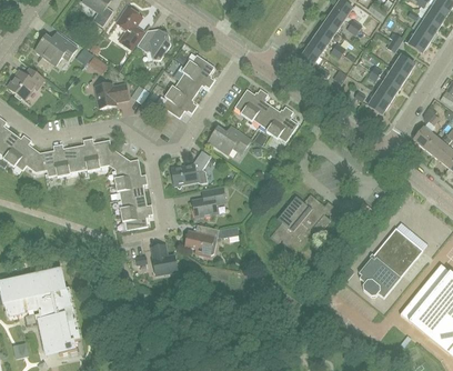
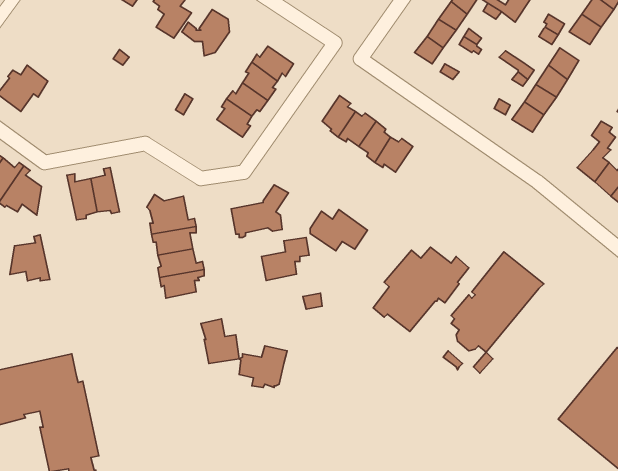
building: [34,34,77,64] -> none
building: [95,82,128,107] -> none
building: [210,124,250,153] -> [310,209,368,251]
building: [87,137,118,169] -> none
building: [36,143,63,176] -> [10,235,50,281]
building: [185,225,219,254] -> [239,346,287,387]
building: [359,227,423,297] -> [451,252,544,352]

